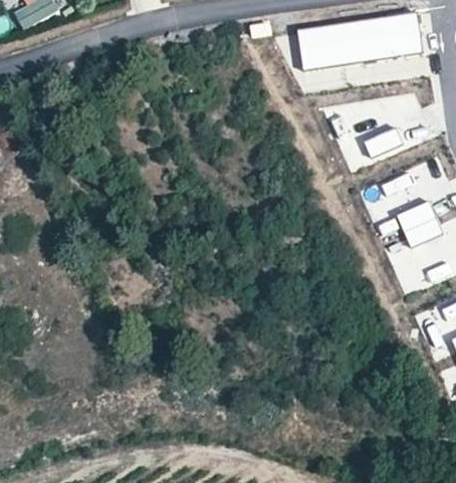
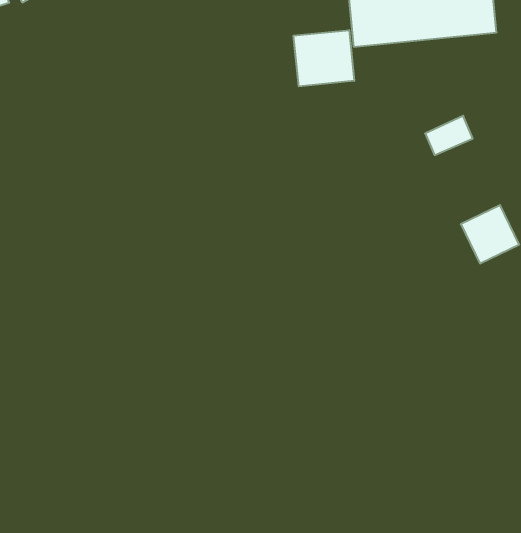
building: none -> [294,30,354,86]

